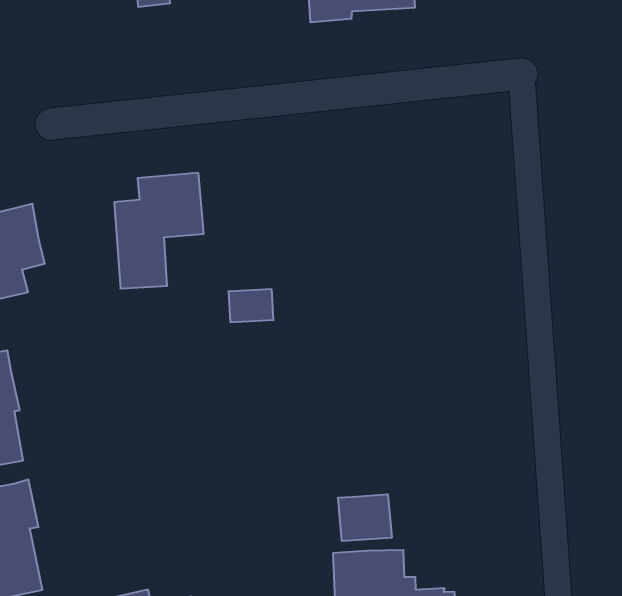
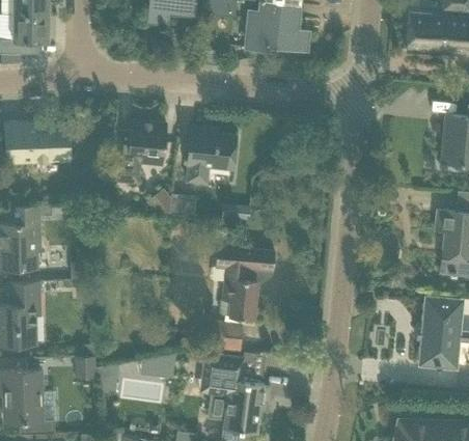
building: none -> [187,128,236,185]
building: none -> [215,245,275,321]

